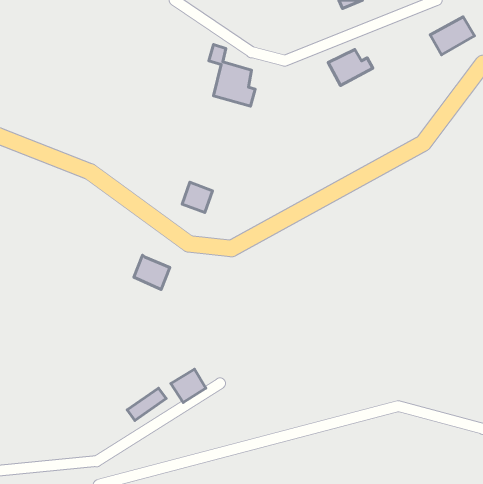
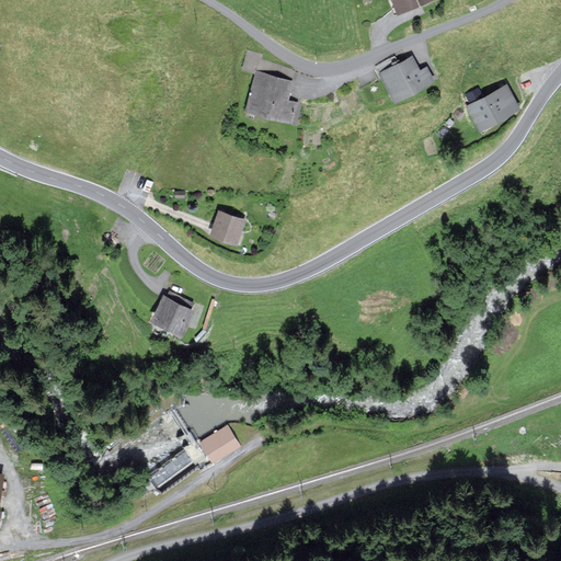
building: [430,17,475,55] -> [466,85,517,129]

